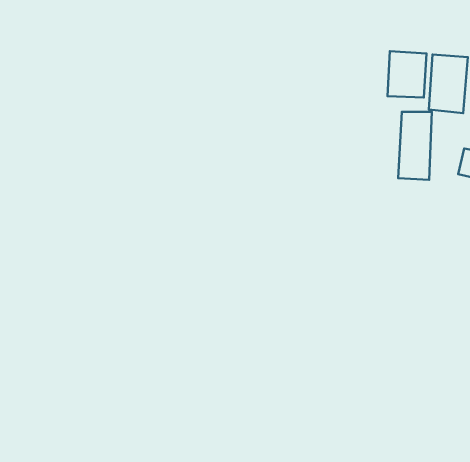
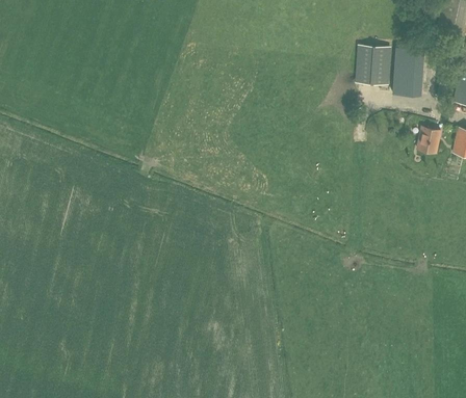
building: [398,112,432,180] -> none

